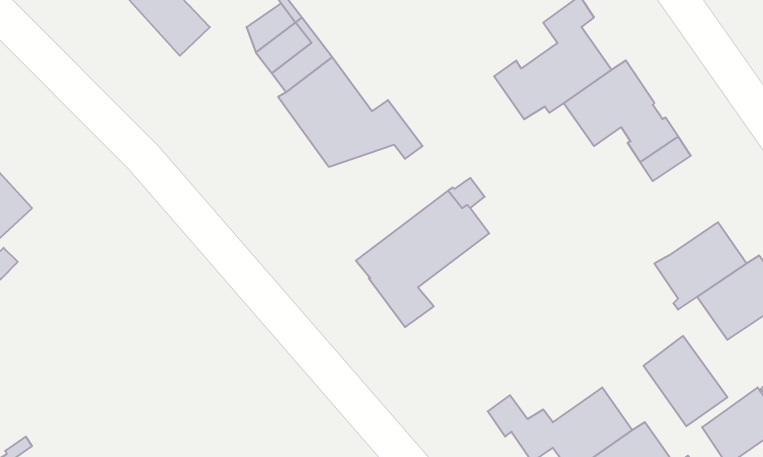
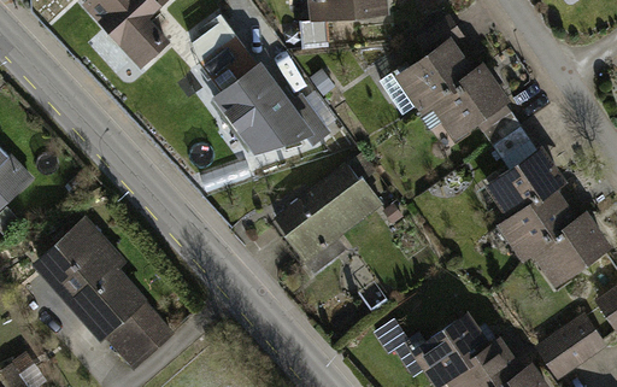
building: none -> [490,152,559,217]
building: none -> [40,223,169,358]
building: [644,336,727,426] -> none

